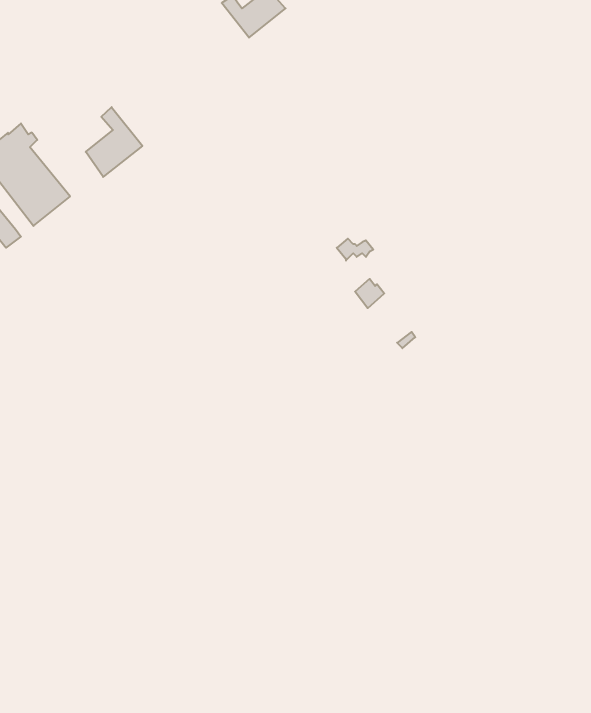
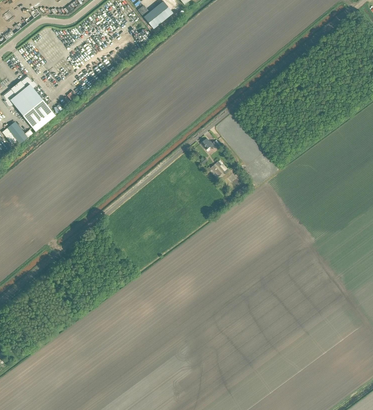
building: [86,107,142,177] -> none

